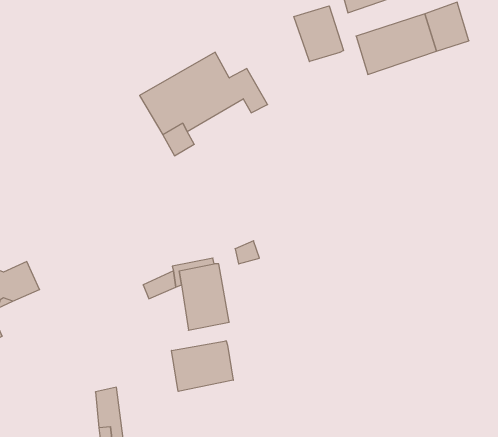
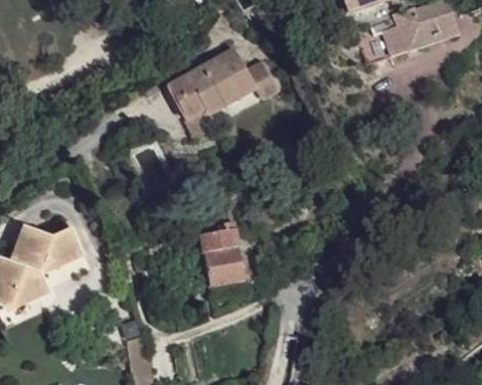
building: [294,6,343,62] -> none
building: [172,341,233,391] -> none

